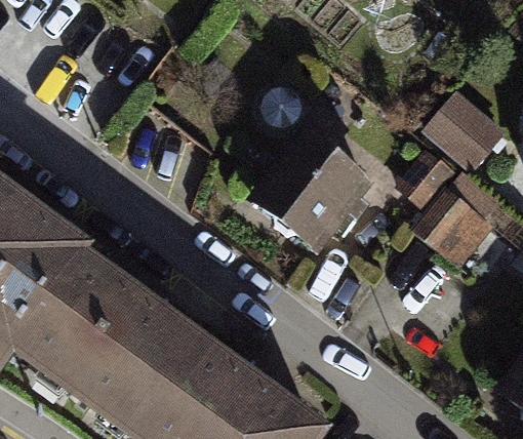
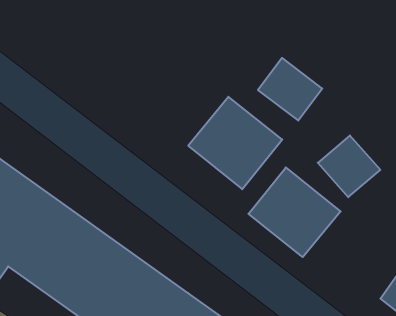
building: [432,87,514,167] -> [258,58,322,121]
building: none -> [248,167,341,257]

